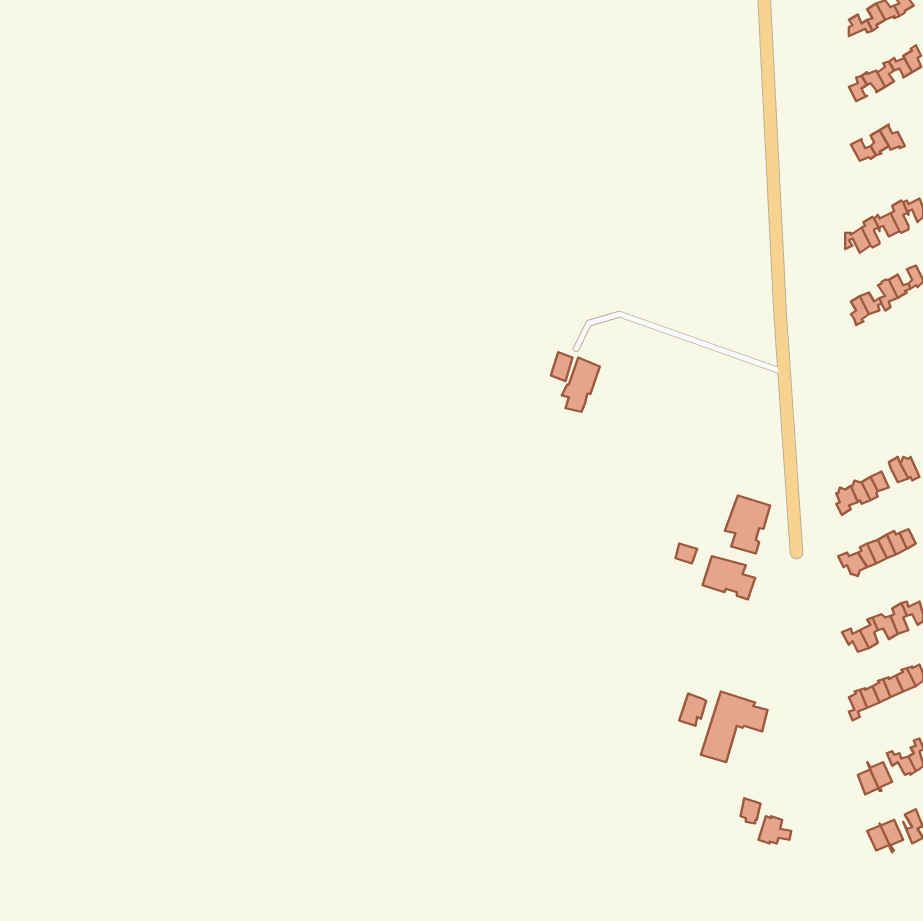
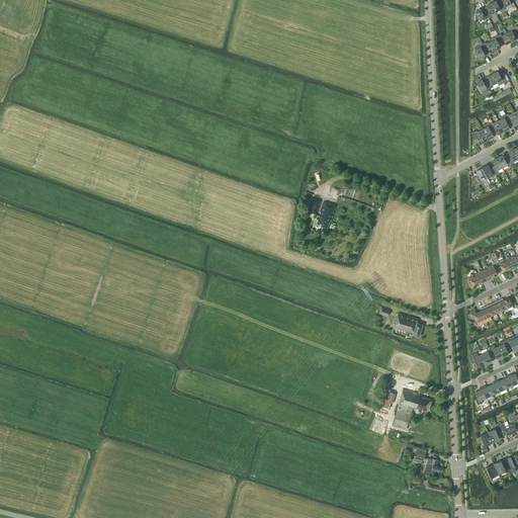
building: [725,495,770,554] -> none

